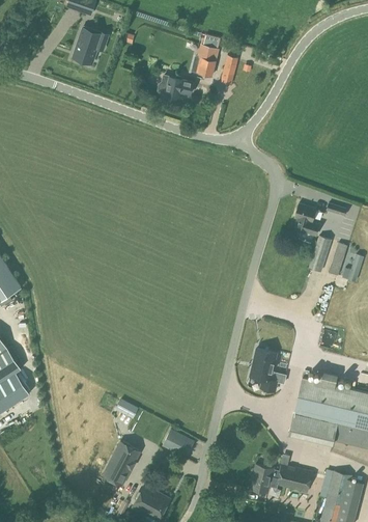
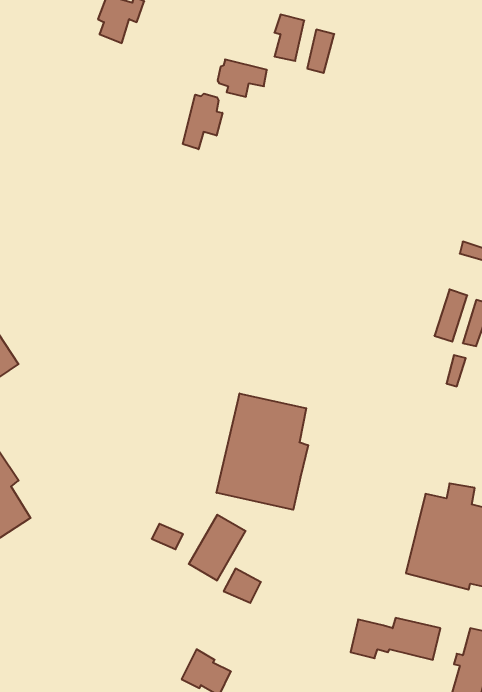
building: none -> [183,94,222,149]
building: [294,204,319,235] -> none
building: none -> [217,393,308,510]
building: [251,349,278,391] -> none
building: [102,440,141,486] -> [189,515,246,580]

